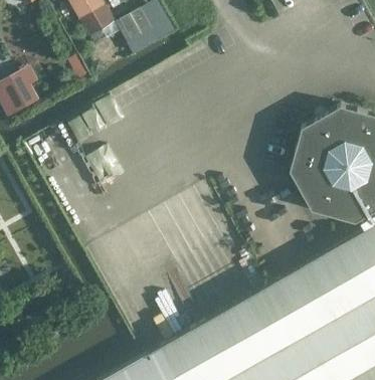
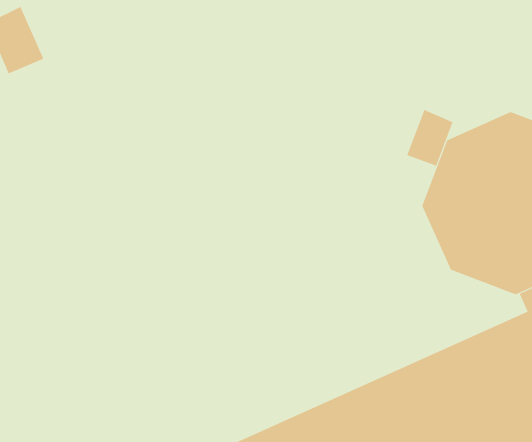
building: none -> [406,109,453,166]

